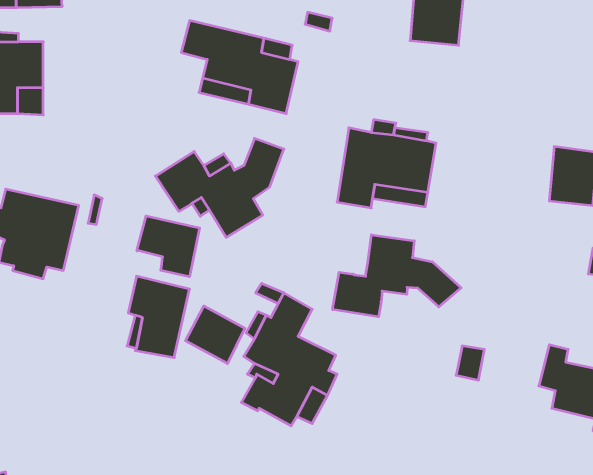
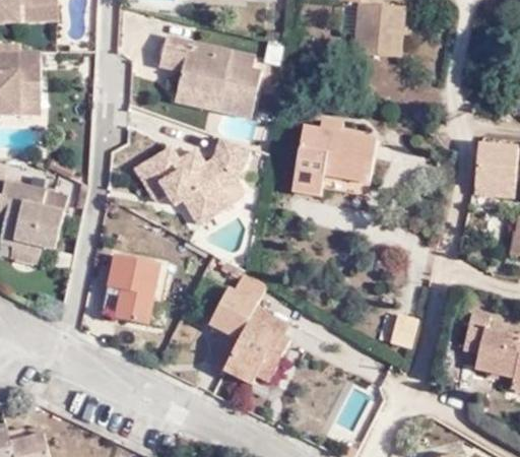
building: [137,216,200,277] -> none
building: [333,235,461,317] -> none
building: [186,306,245,364] -> none

